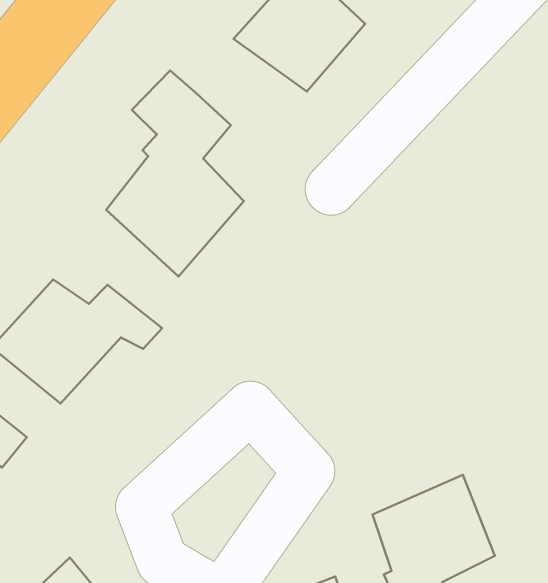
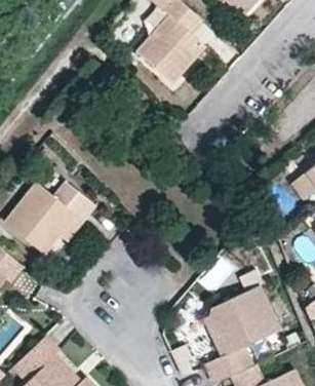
building: [106,70,244,277] -> none

